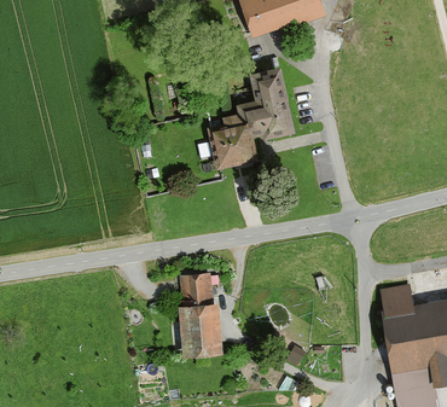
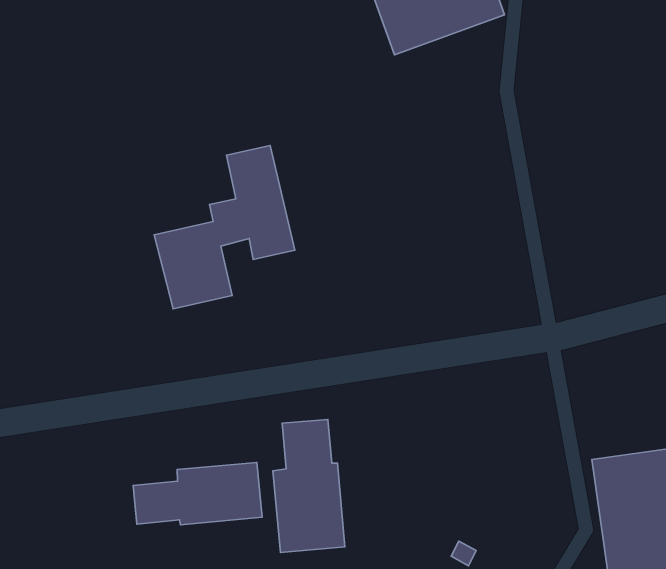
building: [205,68,295,171] -> [154,146,295,309]
building: none -> [133,463,262,525]

